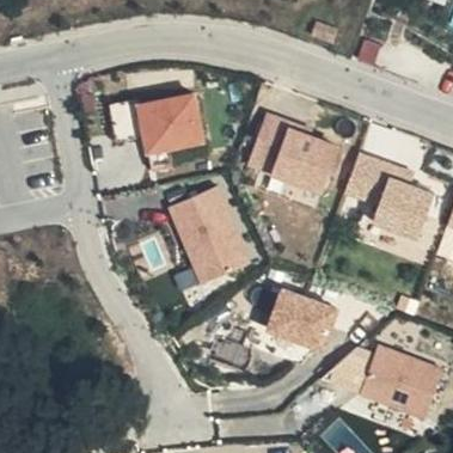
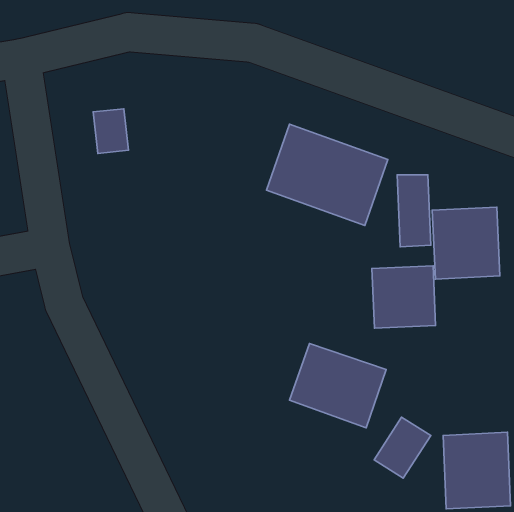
building: [137,96,203,154] -> none
building: [166,186,252,287] -> none
building: none -> [372,266,435,328]

